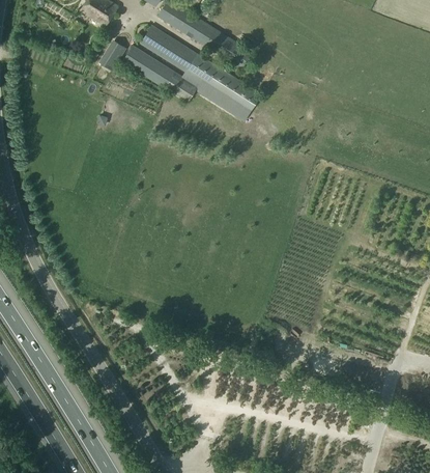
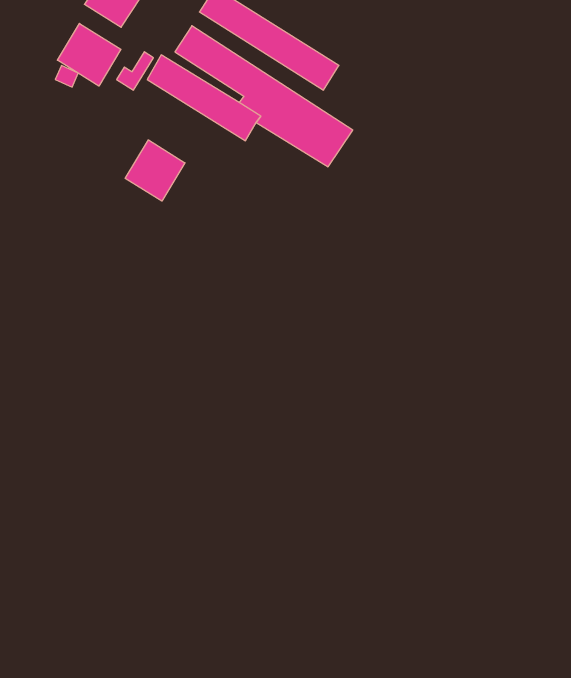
building: none -> [57,23,121,86]
building: none -> [125,140,185,201]

